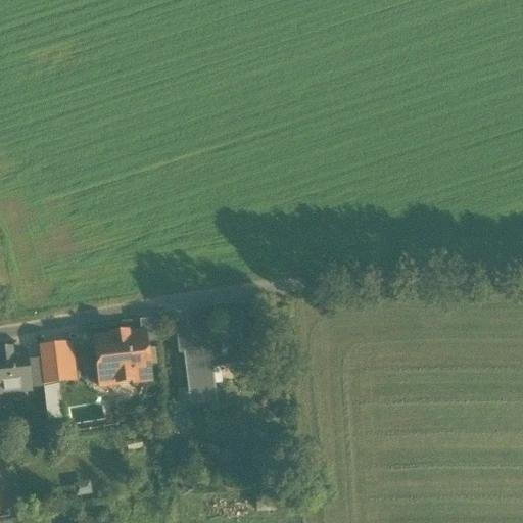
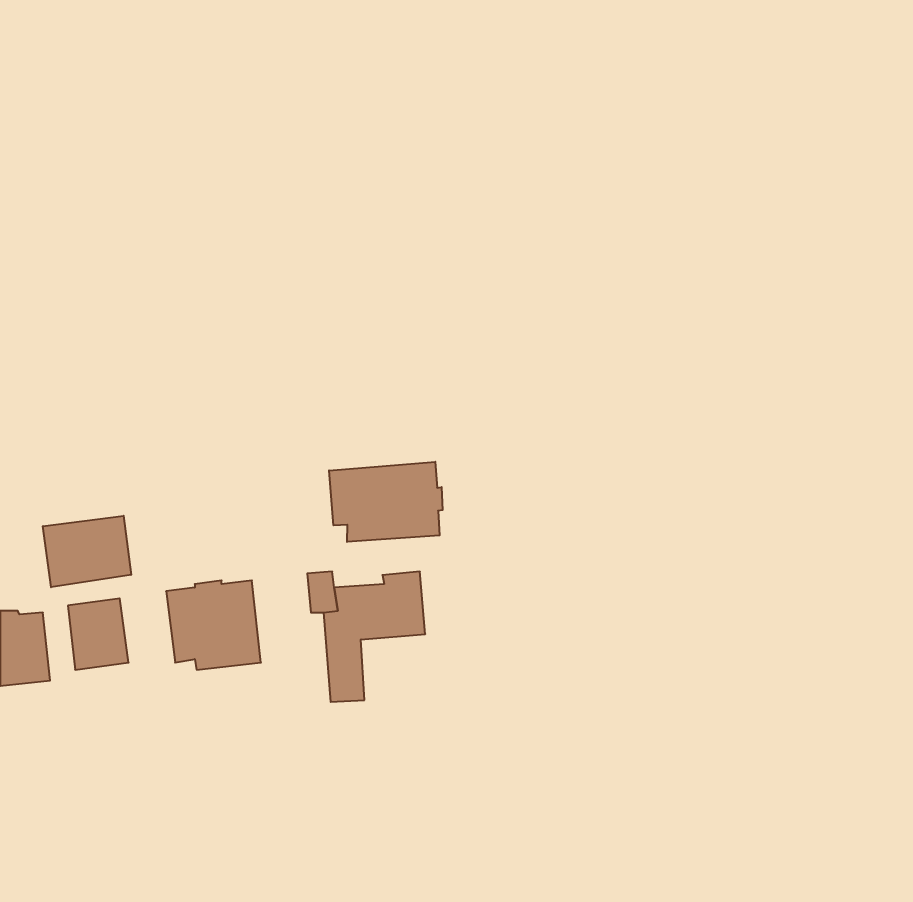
building: none -> [329,462,443,542]
building: none -> [43,516,131,587]

